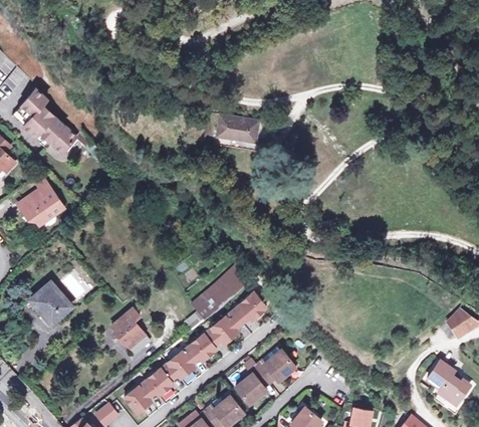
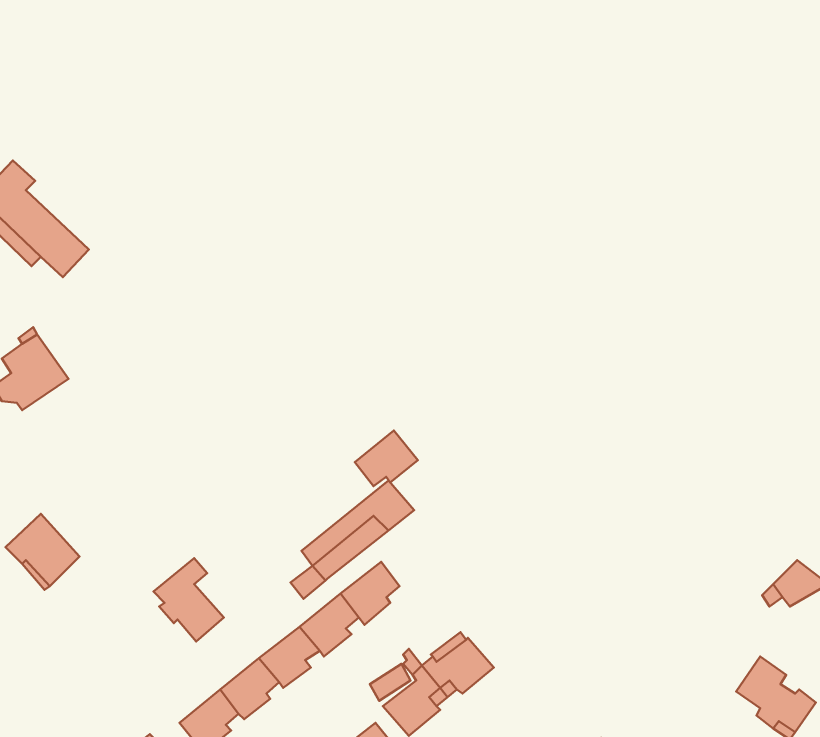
building: [215,114,261,150] -> none
building: [234,292,268,323] -> [355,431,418,486]

